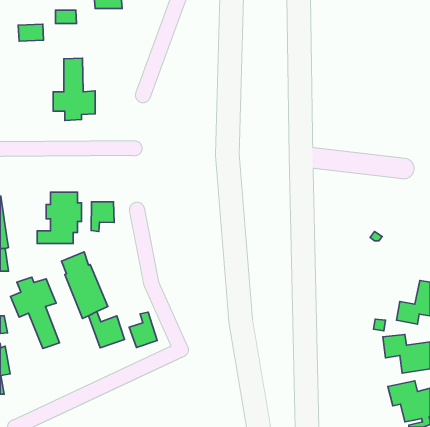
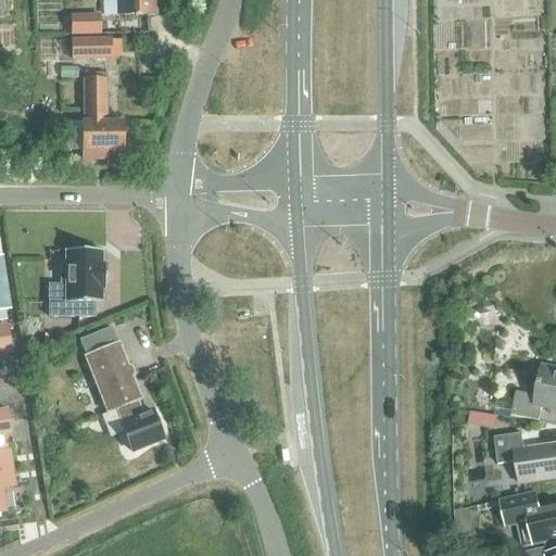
building: [18,24,44,41] -> [72,35,104,56]
building: [91,202,114,231] -> none
building: [11,277,59,349] -> none
building: [129,312,157,348] -> none

